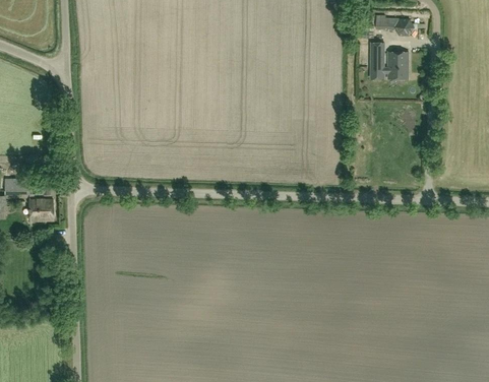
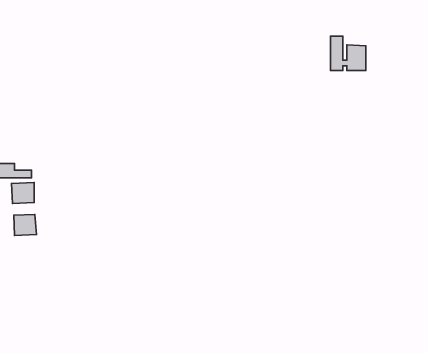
building: [375,14,416,37] -> none
building: none -> [14,214,37,235]

